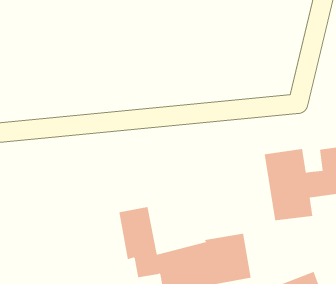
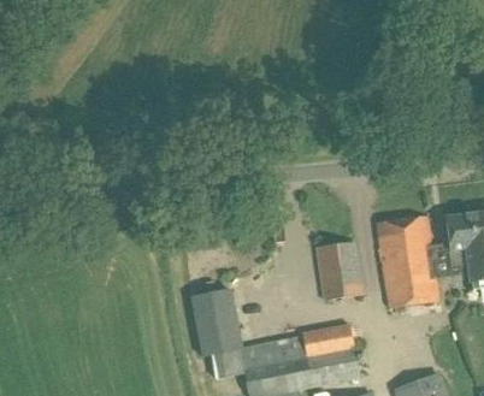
building: none -> [317,242,362,300]

